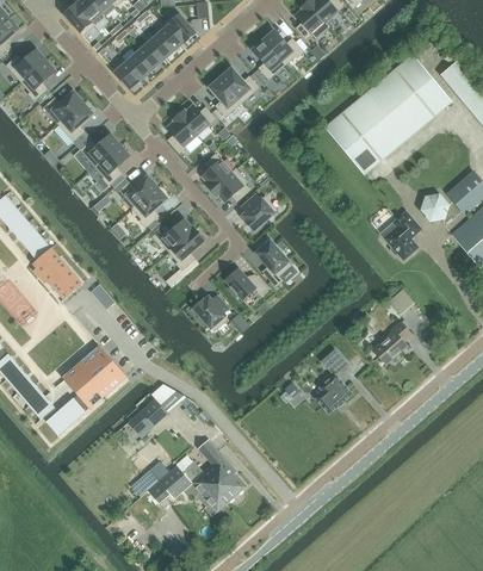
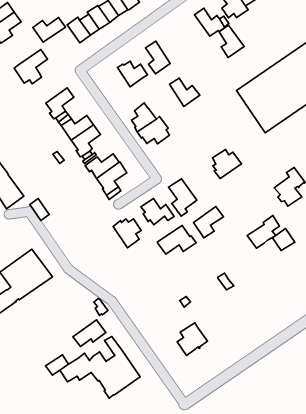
building: [253,39,285,79] -> [219,25,244,57]
building: [221,68,259,101] -> [170,78,200,106]
building: [43,91,82,123] -> [33,17,65,42]
building: [166,113,196,153] -> none
building: [76,134,119,166] -> none
building: [241,193,277,229] -> [213,149,242,178]
building: none -> [193,206,223,238]
building: none -> [157,225,196,254]
building: [372,321,410,362] -> [247,216,280,248]
building: [315,372,352,412] -> [177,323,208,356]
building: [128,398,167,433] -> [73,320,106,347]

